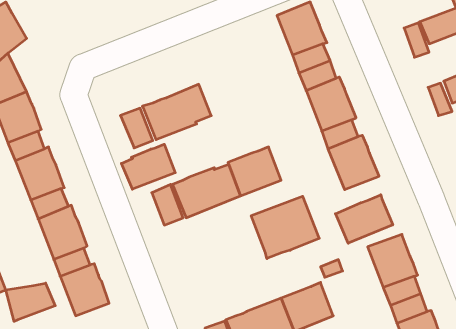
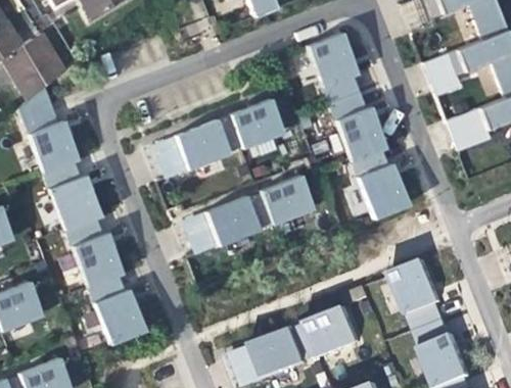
building: none -> [231,100,282,147]
building: [121,144,175,189] -> none
building: [335,195,393,243] -> none
building: [251,196,319,259] -> none
building: [6,283,55,321] -> none

